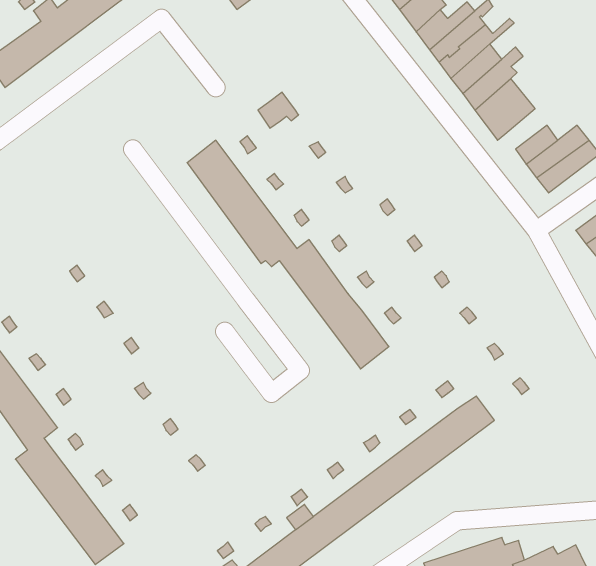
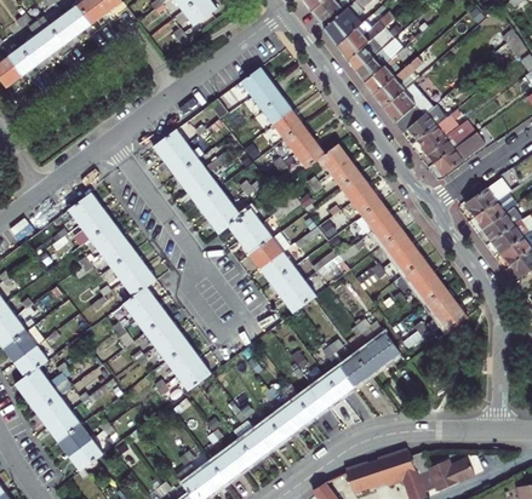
building: none -> [240,68,469,333]
building: none -> [408,103,446,138]
building: none -> [68,195,211,394]

